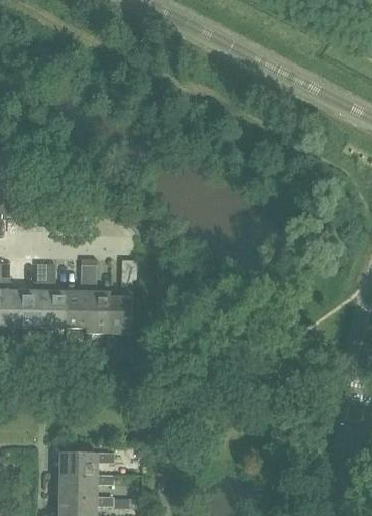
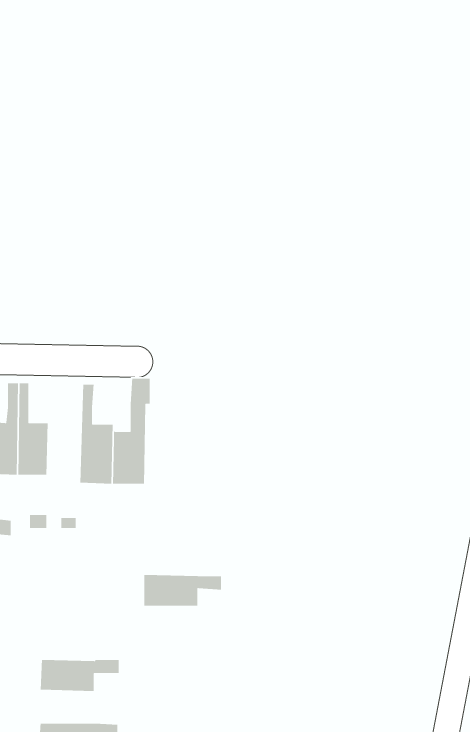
building: [65,263,89,331] -> none
building: [59,472,113,494] -> [144,574,222,607]

